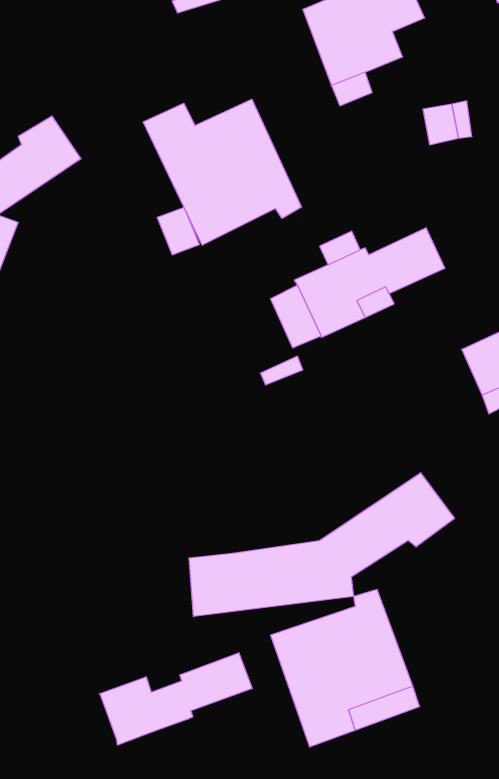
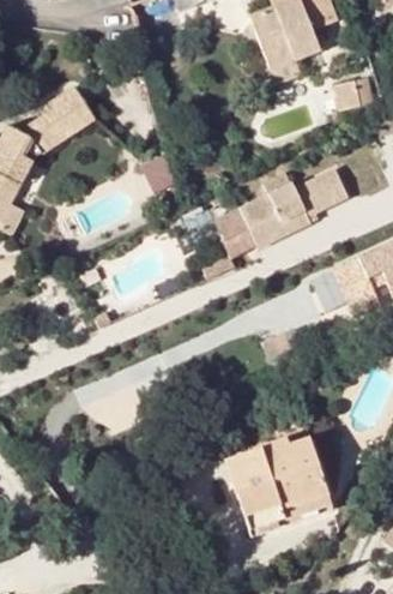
building: [143,99,302,245] -> none
building: [189,473,454,617] -> none
building: [99,653,252,745] -> none

